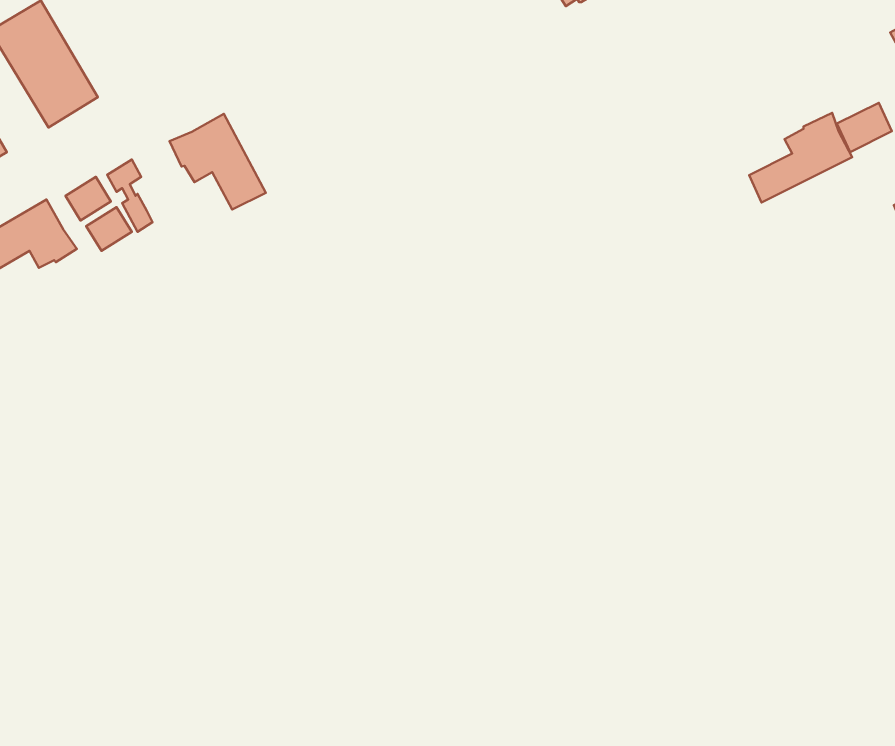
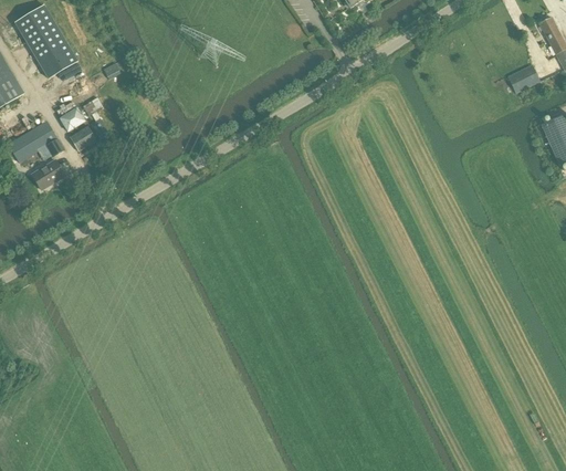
building: [749,113,852,203] -> none
building: [169,114,266,209] -> none
building: none -> [31,159,64,189]

